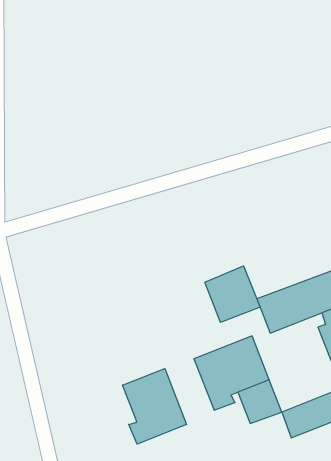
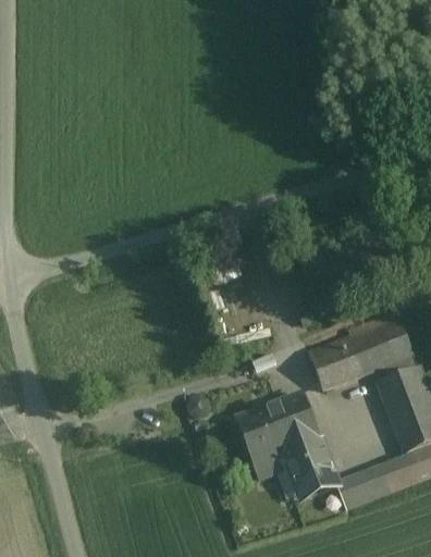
building: [205,266,260,322] -> none
building: [123,369,187,444] -> none

